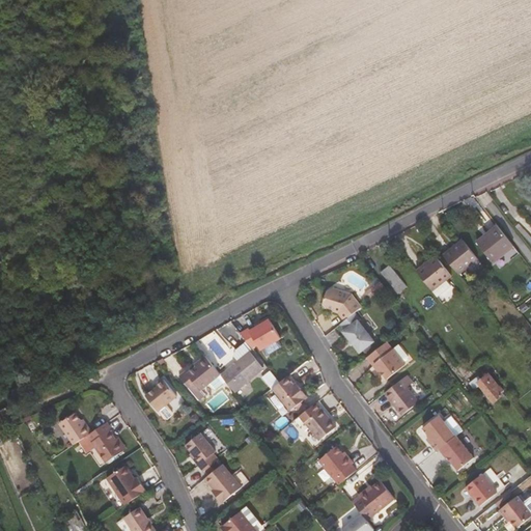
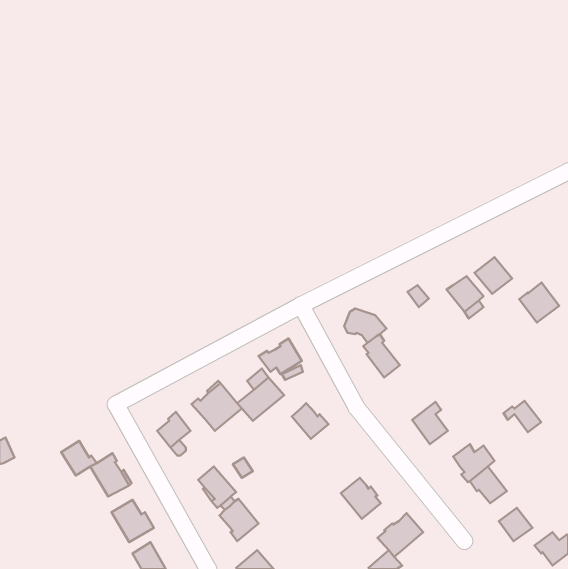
building: [475,225,512,262] -> [519,282,559,322]
building: [365,342,400,378] -> none
building: [291,402,334,439] -> none

